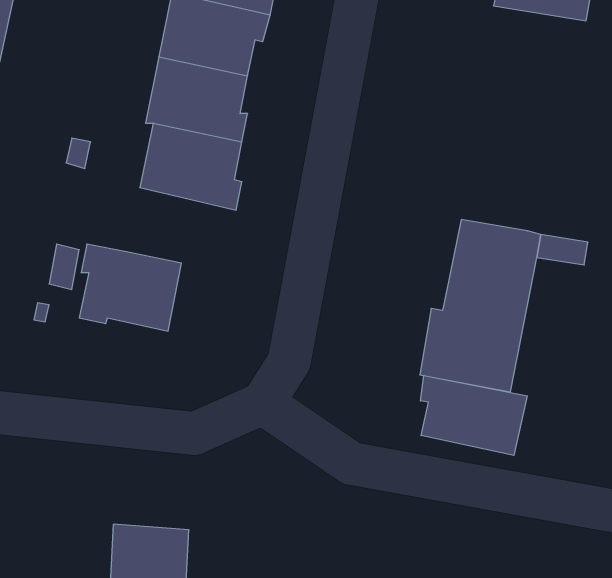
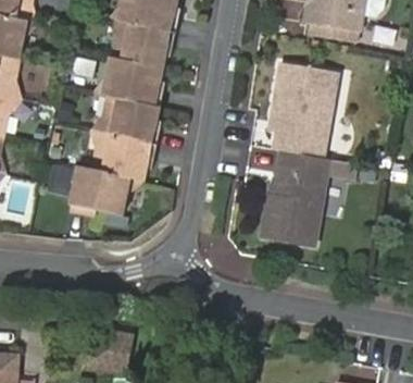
building: none -> [274,61,338,157]
building: none -> [92,132,155,180]
building: [420,375,527,455] -> none

